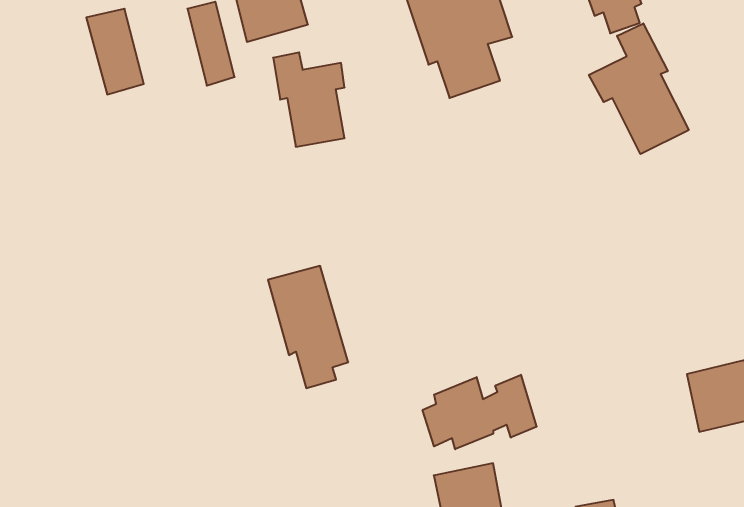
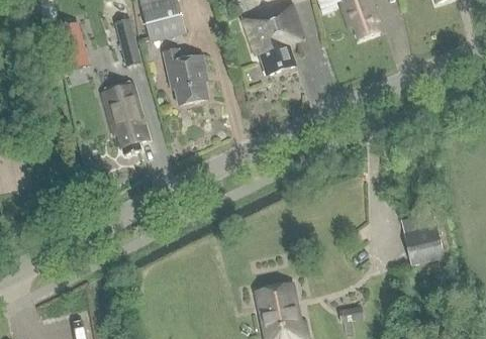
building: [589,23,689,154] -> none
building: [268,266,348,388] -> [101,83,148,153]
building: [423,375,537,449] -> none

